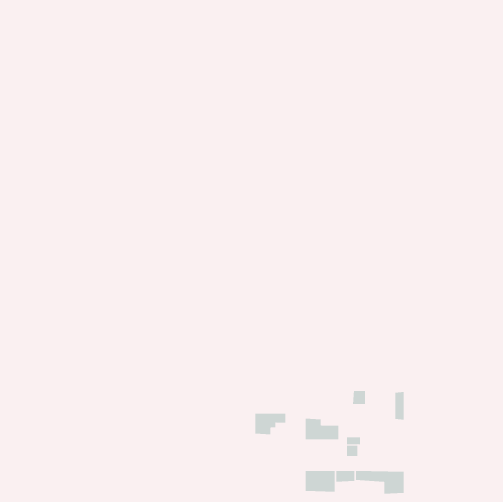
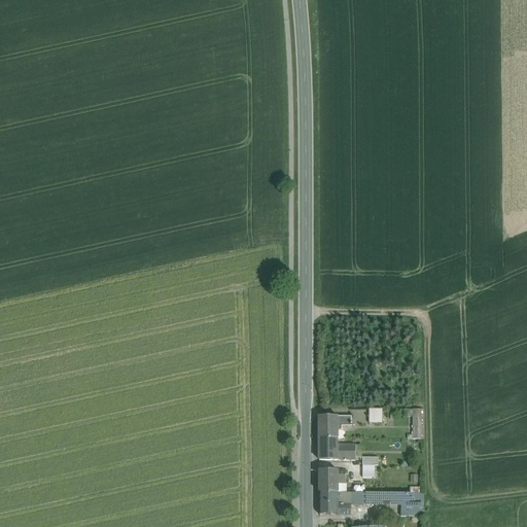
building: [254,413,286,435] -> [318,415,351,437]
building: none -> [318,469,345,491]

